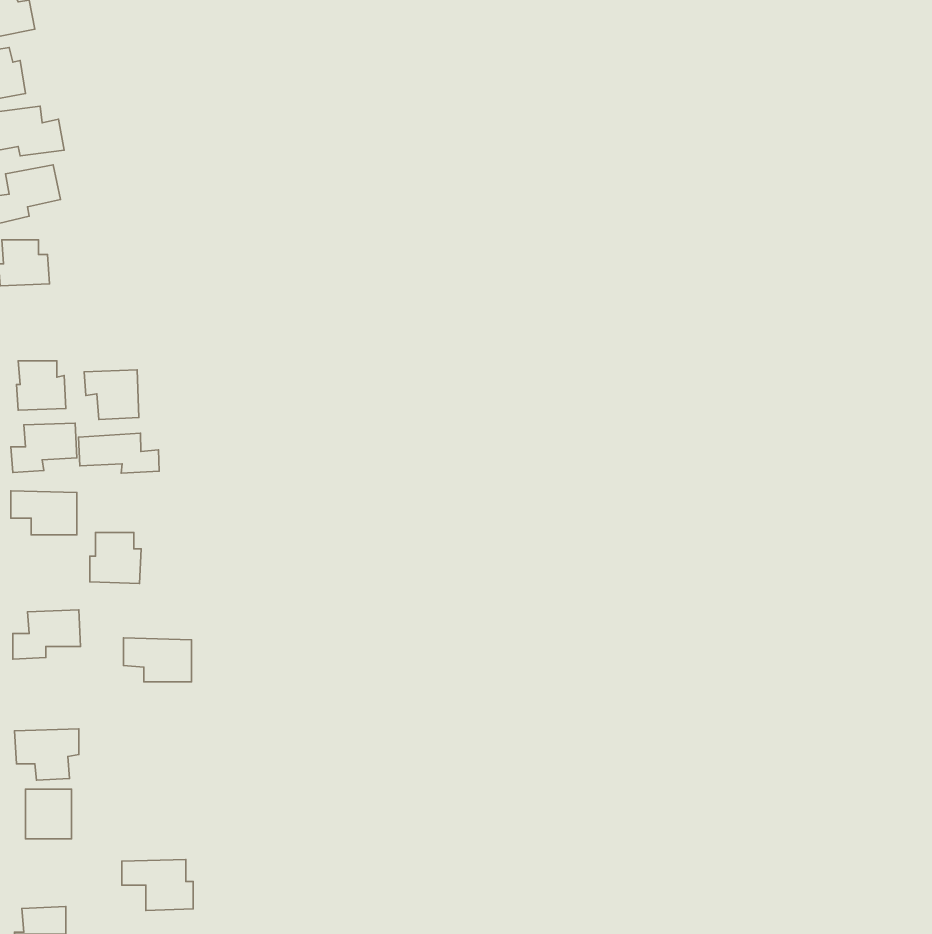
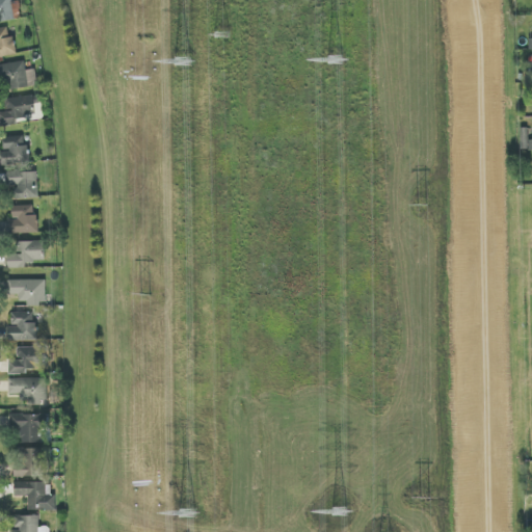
building: [84,370,139,419] -> [5,170,36,198]
building: [78,433,159,473] -> none
building: [90,532,141,584] -> [7,312,36,341]
building: [124,638,191,682] -> [7,377,46,402]
building: [122,859,193,911] -> [14,481,54,510]

